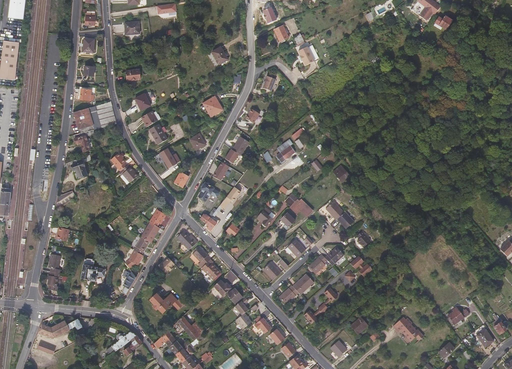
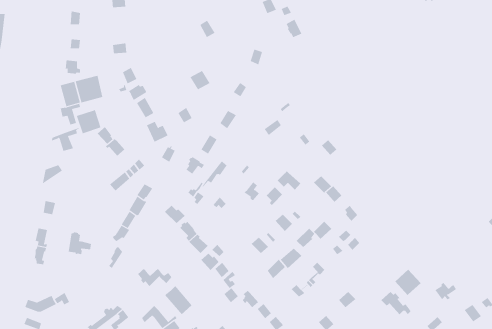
building: none -> [76,109,101,134]
building: none -> [394,269,421,296]

